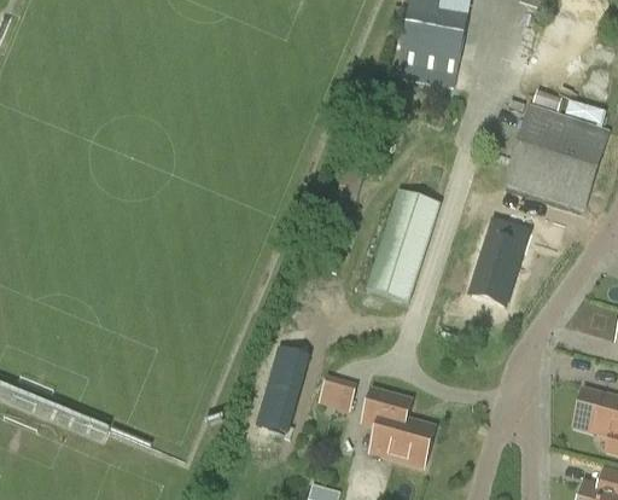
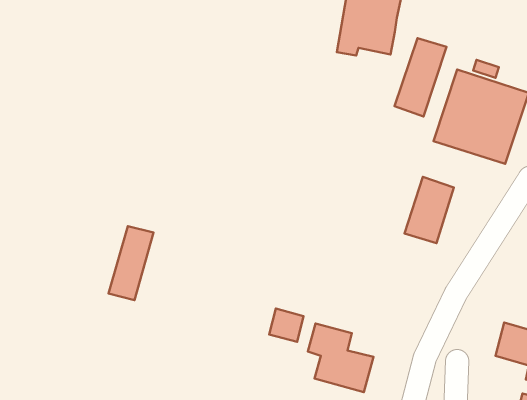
building: none -> [394,38,446,117]
building: [367,188,439,301] -> none
building: [257,345,308,429] -> [109,226,154,300]

